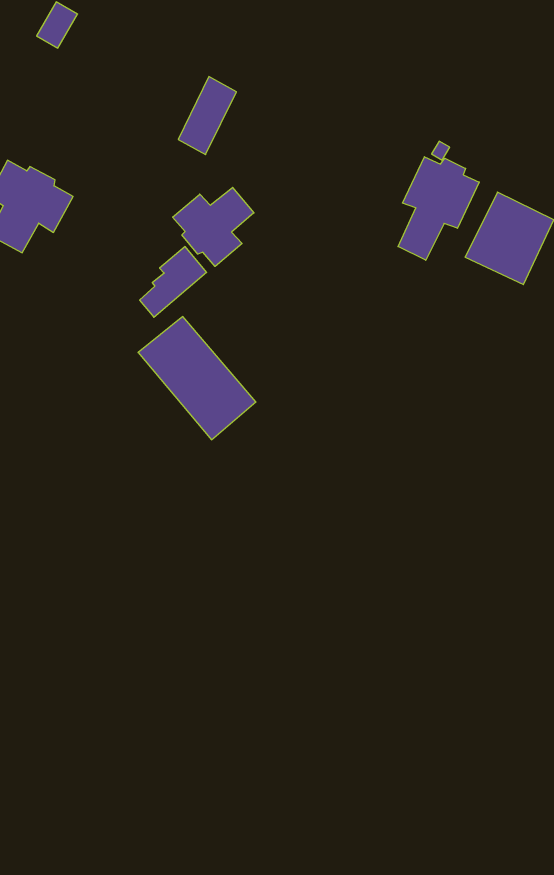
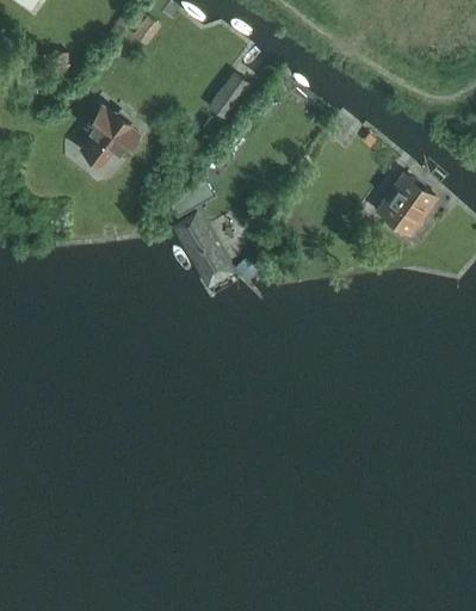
building: [398,157,479,260] -> none
building: [173,187,254,266] -> none

